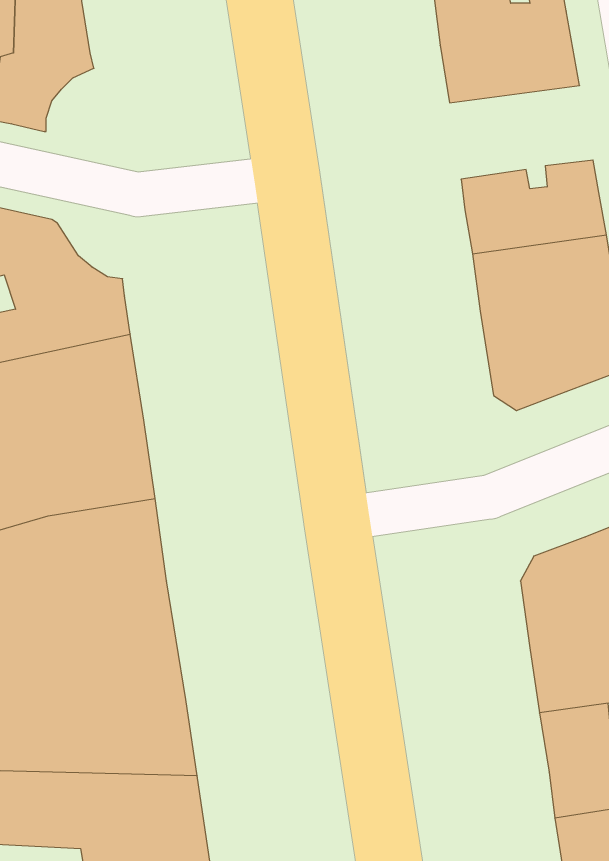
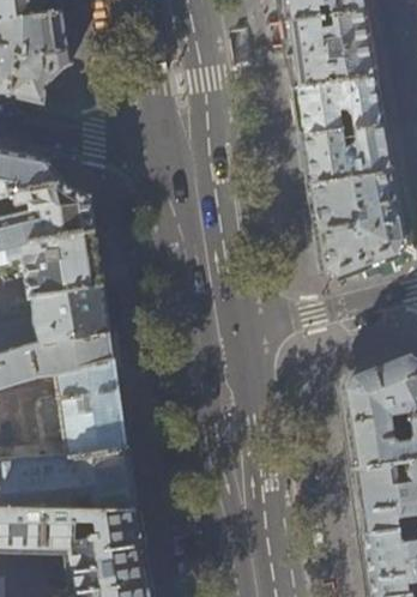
building: none -> [294,77,383,135]

